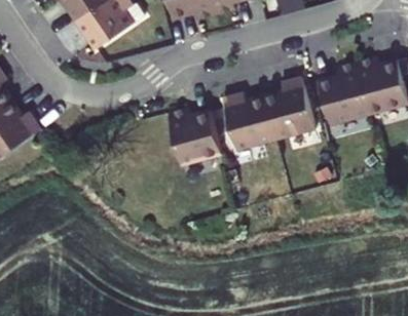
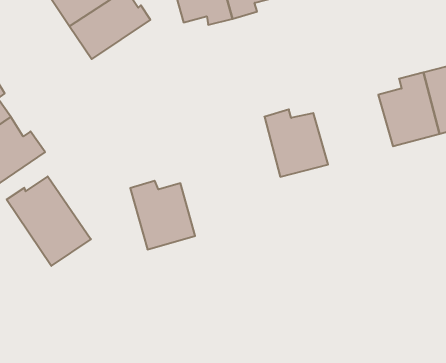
building: [267,77,319,139] -> none
building: [171,108,225,165] -> [130,181,195,249]
building: none -> [7,176,91,266]

